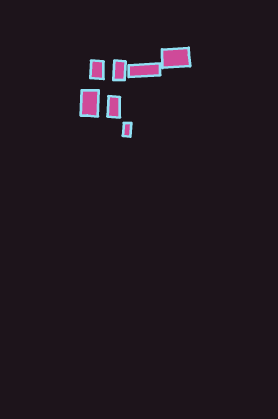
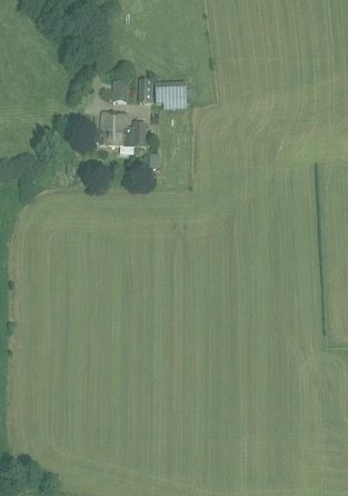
building: [162,48,190,68] -> none

